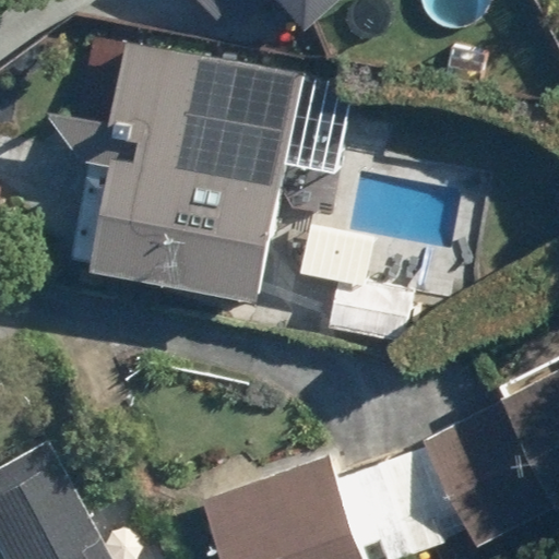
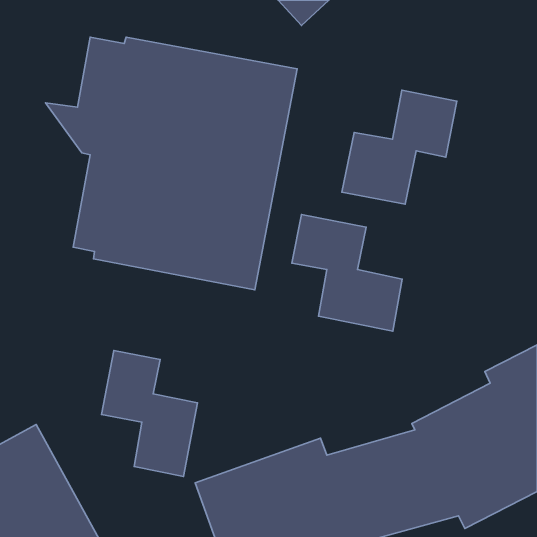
building: none -> [342,90,457,204]
building: none -> [101,350,197,477]

